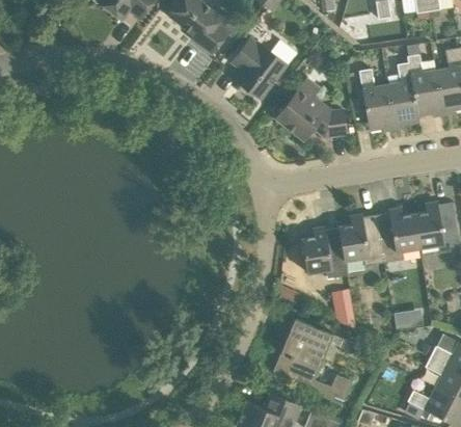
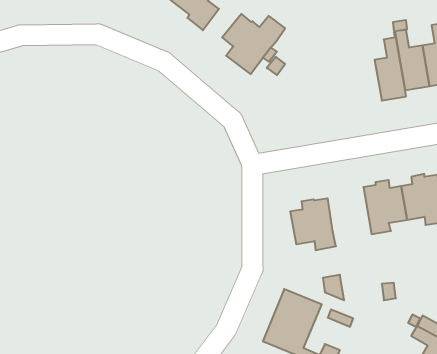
building: [358,68,395,130] -> none
building: [276,85,346,136] -> none
building: [340,214,384,266] -> none

